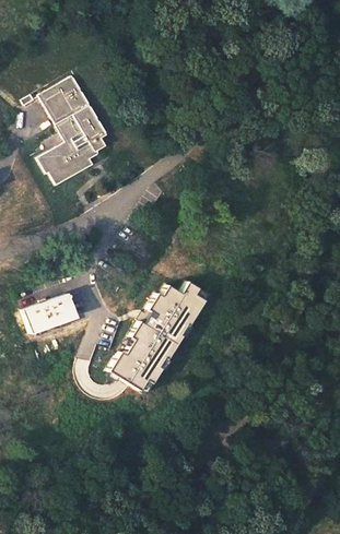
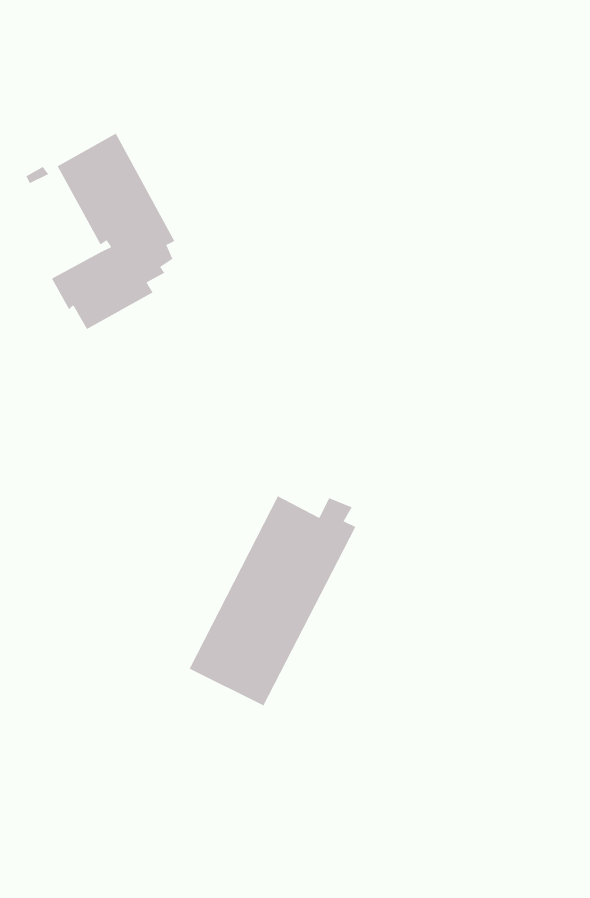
building: [23,293,77,331] -> none

